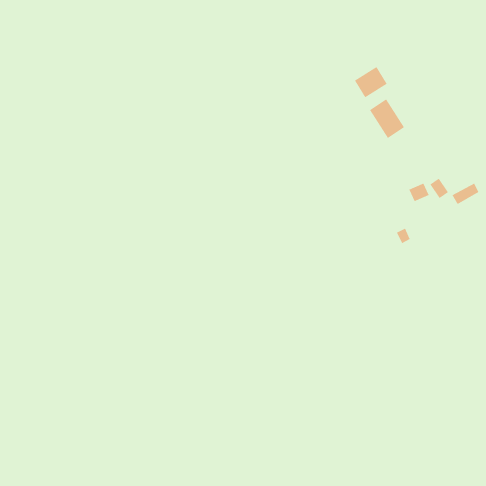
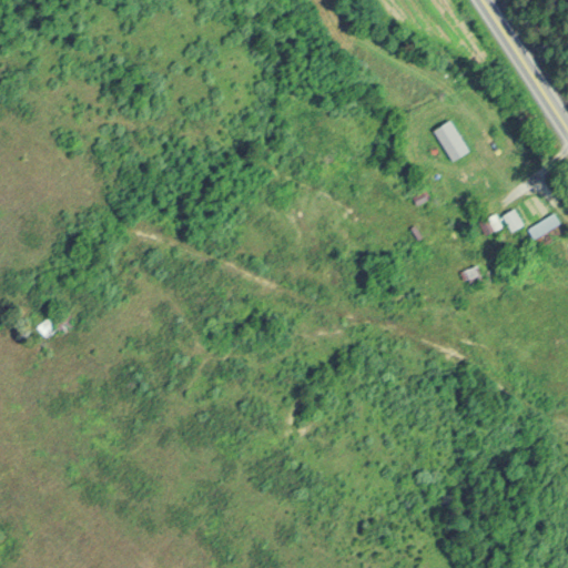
building: [354,66,387,98] -> none

